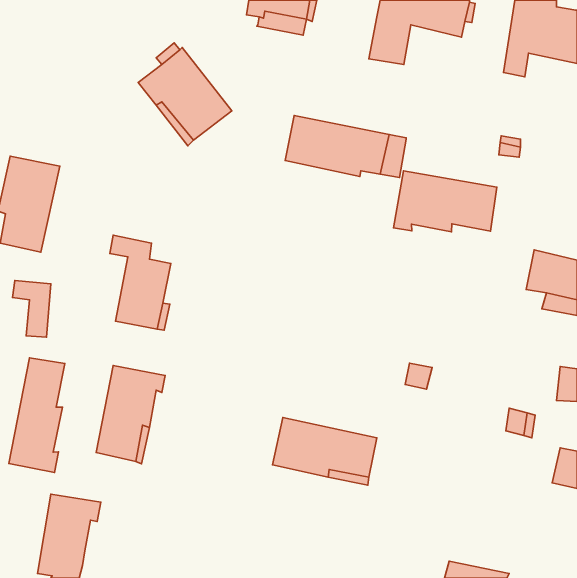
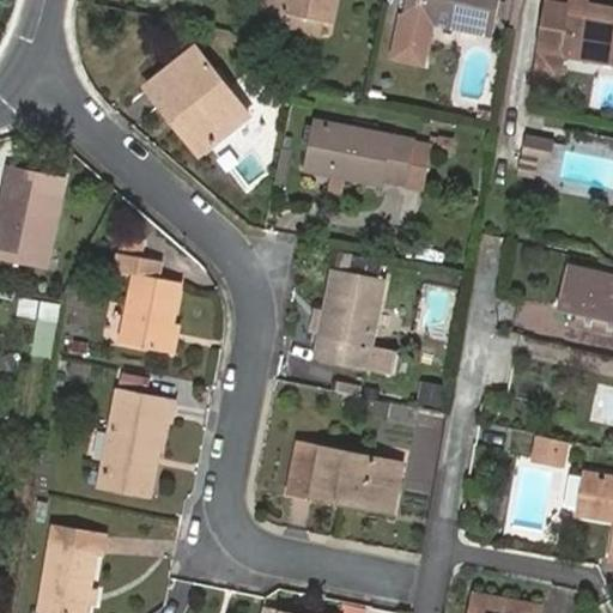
building: [393,171,497,232] -> none
building: none -> [315,269,380,369]
building: [9,358,65,472] -> none

